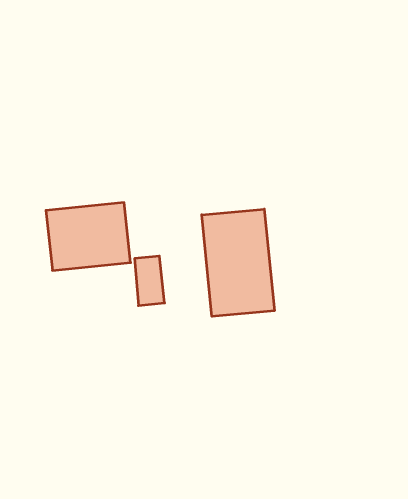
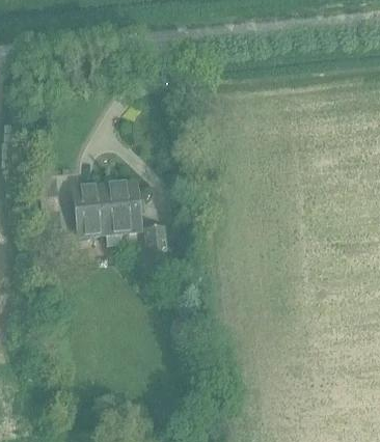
building: [202,209,274,316] -> none

